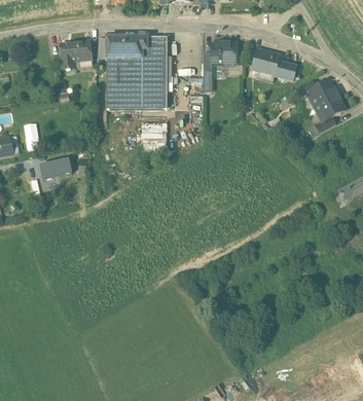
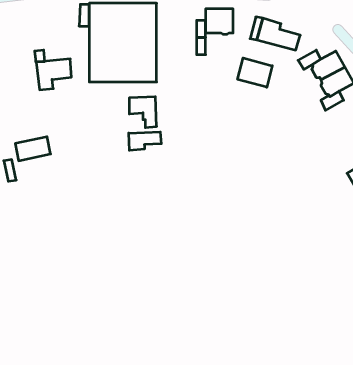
building: [59,41,90,69] -> [36,59,71,90]
building: none -> [238,58,272,87]
building: none -> [129,132,161,150]

